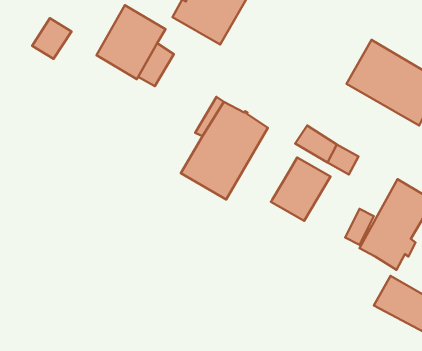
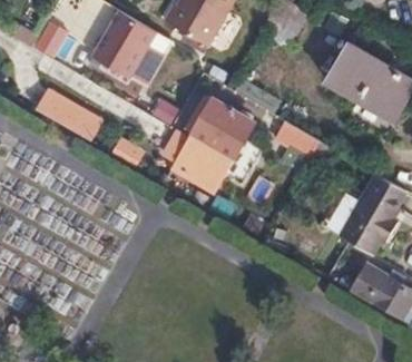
building: none -> [35,87,102,140]
building: [271,157,331,221] -> none

